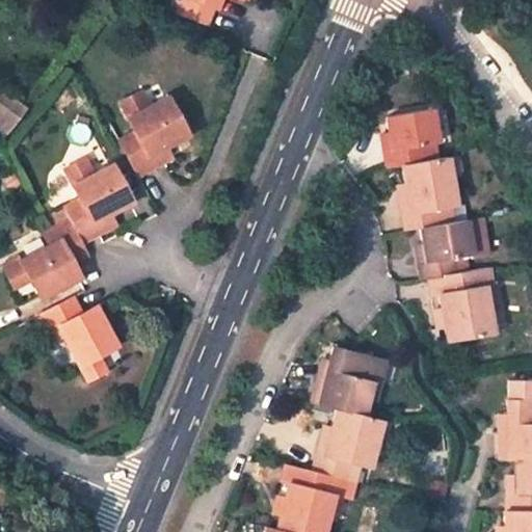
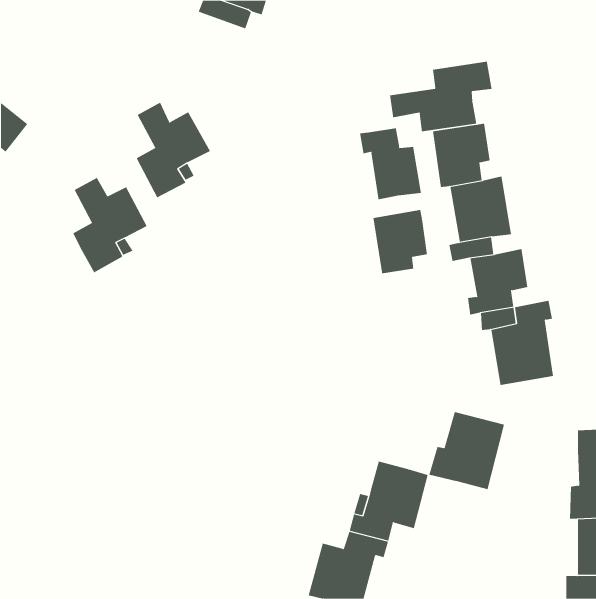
building: none -> [390,61,492,132]
building: none -> [359,127,422,200]
building: none -> [373,209,427,274]
building: [8,219,92,296] -> none
building: [42,297,117,379] -> none
building: [312,346,379,416] -> [429,411,505,490]

